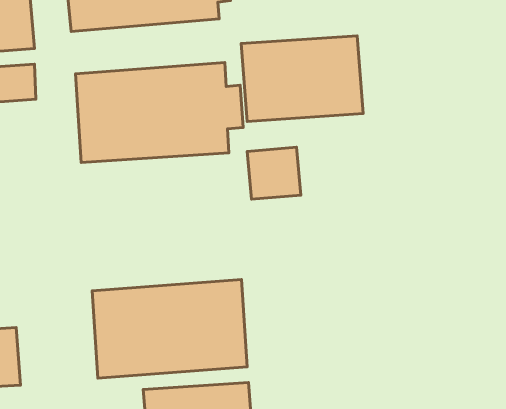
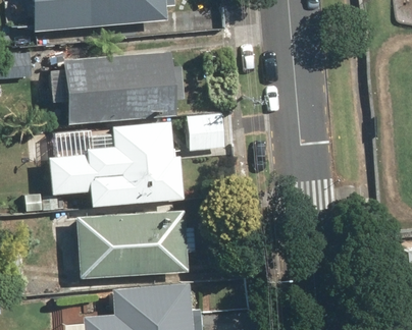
building: [241,36,363,121] -> none
building: none -> [48,120,183,206]

